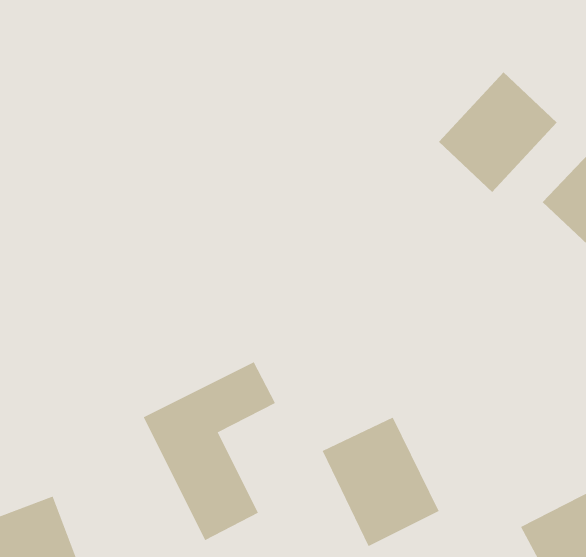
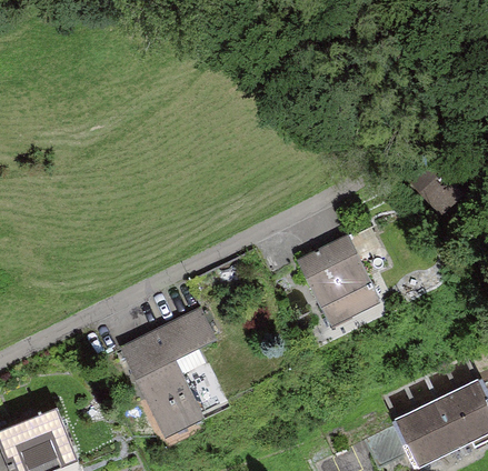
building: [438,72,557,193] -> none
building: [322,417,439,547] -> [297,233,381,327]

